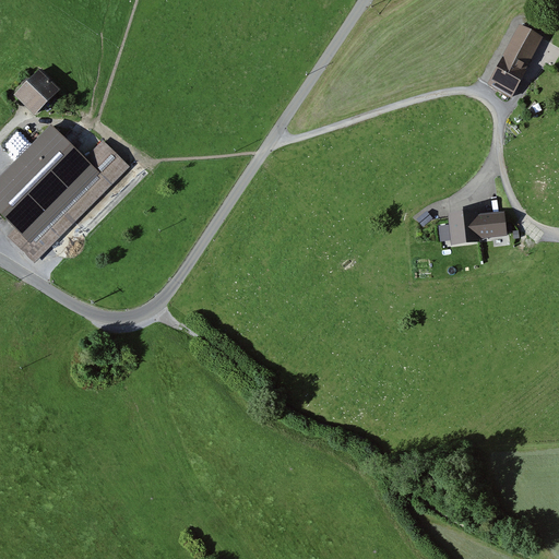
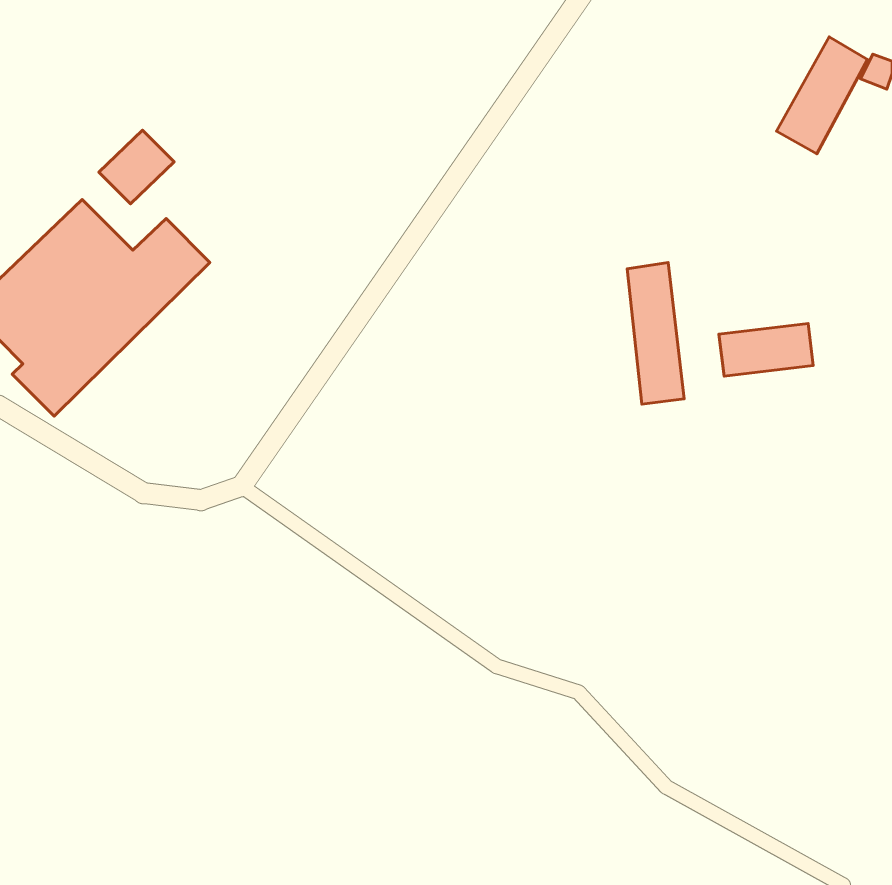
building: [13,69,60,115] -> [99,130,174,204]
building: none -> [627,262,684,404]

